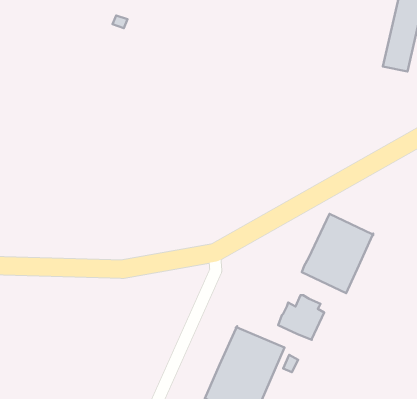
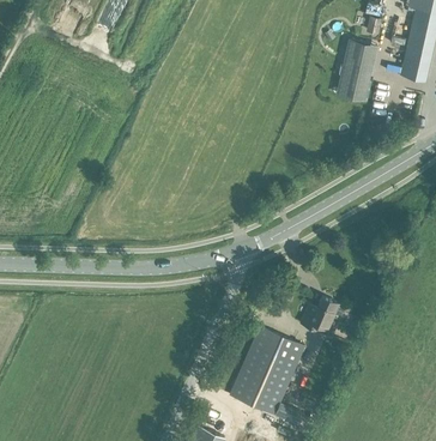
building: none -> [337,40,380,102]
building: [302,214,373,293] -> none

